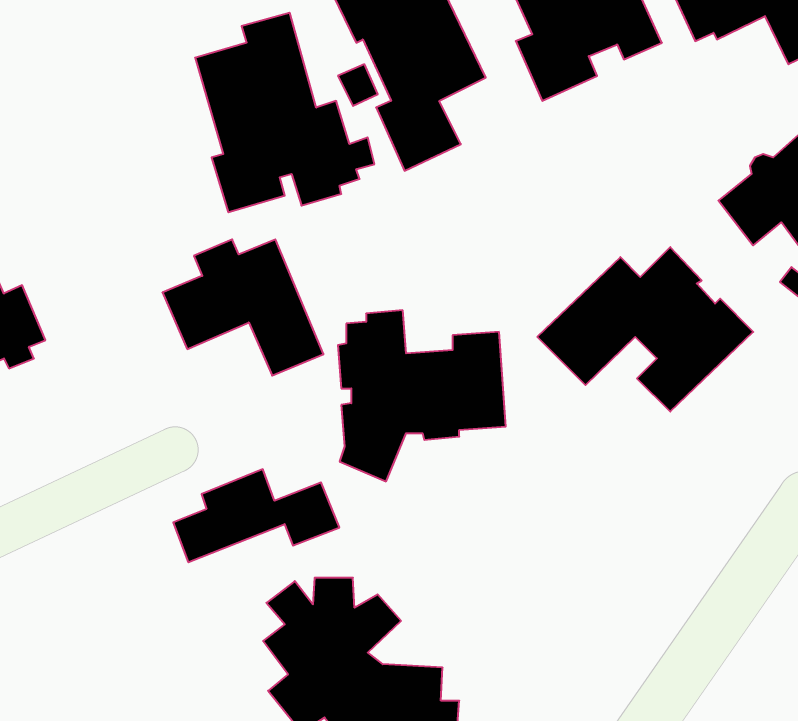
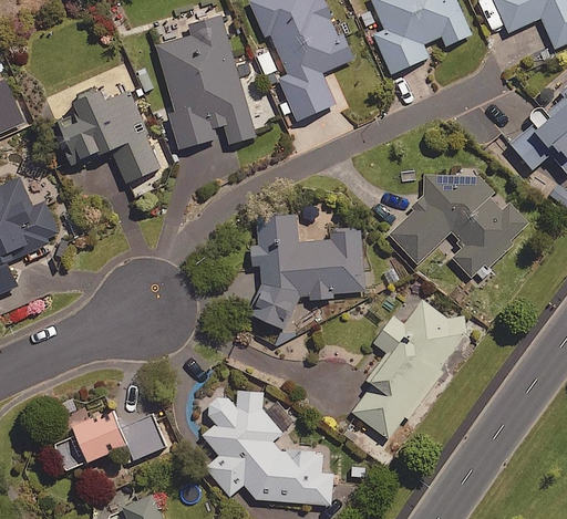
building: [162,239,324,376] -> [53,91,161,181]
building: none -> [353,300,466,438]
building: [173,469,339,562] -> [54,408,165,470]

